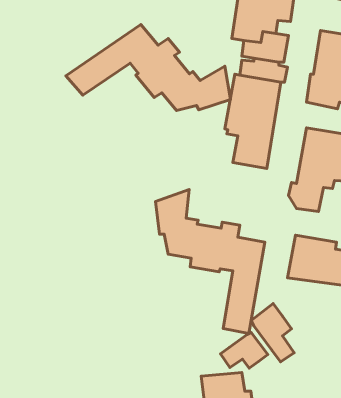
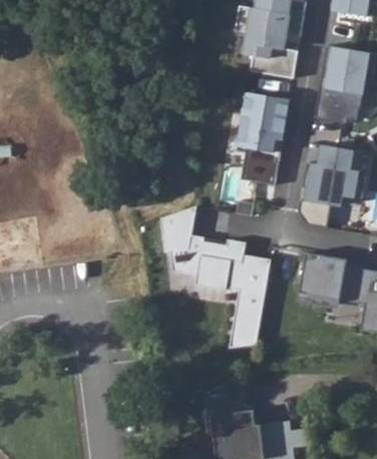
building: [66,25,230,110] -> none
building: [251,303,294,362] -> none
building: [221,333,268,368] -> none

